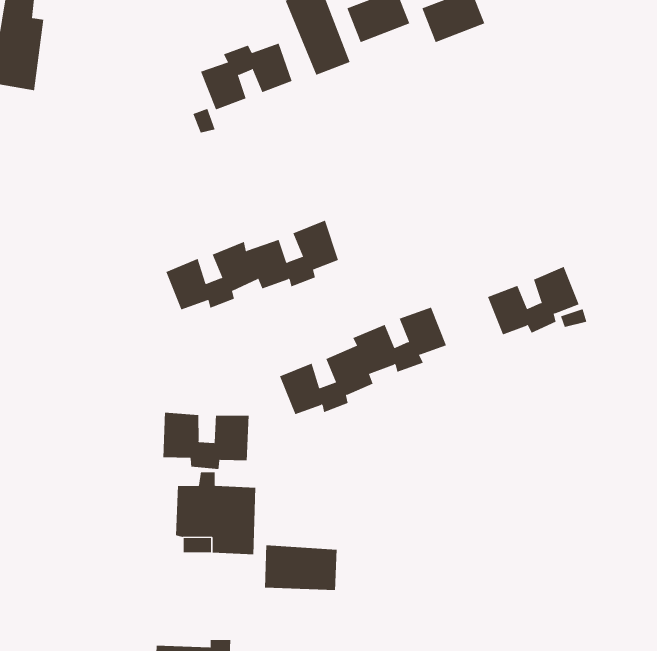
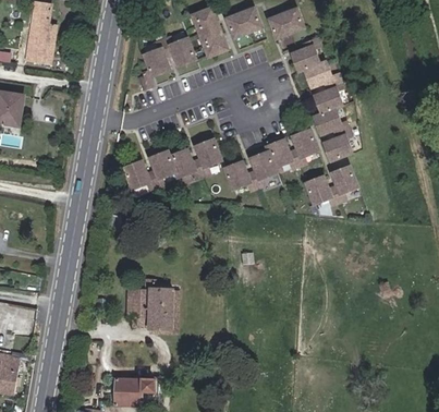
building: none -> [291,39,352,159]
building: [279,307,447,415] -> [223,129,318,190]
building: [163,412,249,470] -> none
building: [265,544,337,591] -> none

